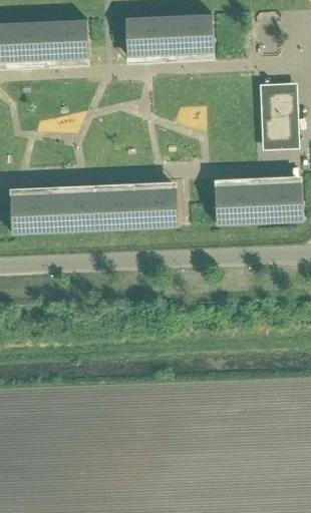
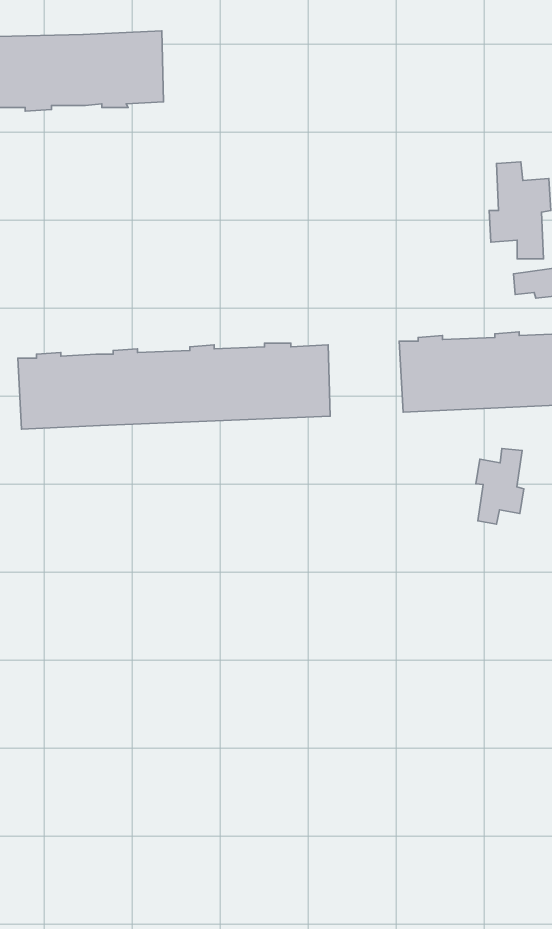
building: [125,13,214,57] -> none
building: none -> [476,448,524,524]

